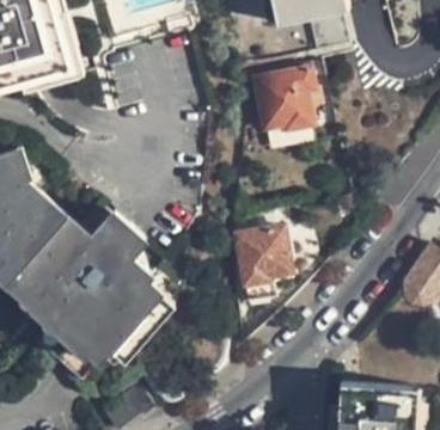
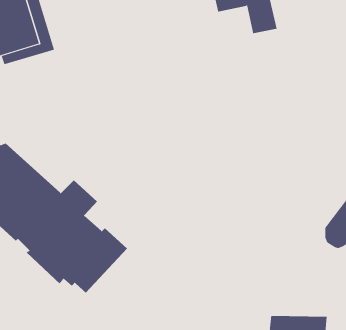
building: [255,67,317,131] -> none
building: [240,228,292,284] -> none

